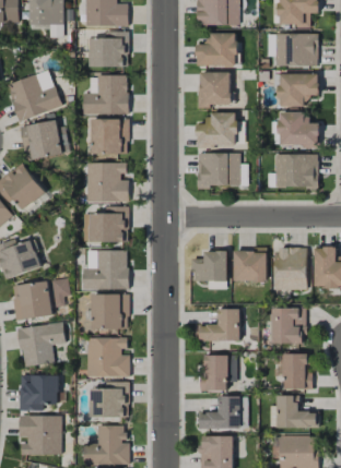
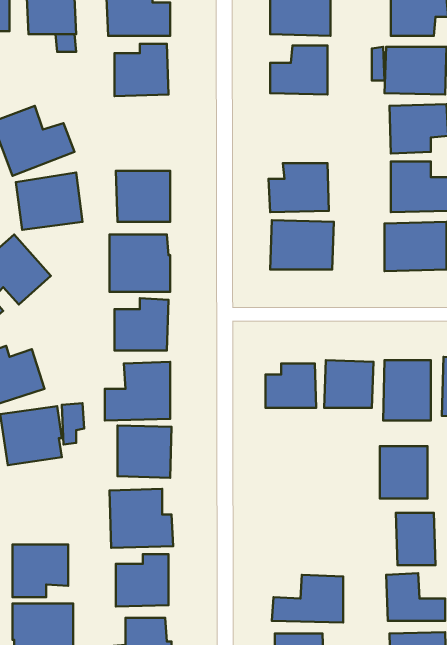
building: [199,72,231,107] -> none
building: [82,75,128,115] -> none
building: [200,309,240,341] -> none
building: [19,323,64,367] -> none
building: [200,356,228,392] -> none

